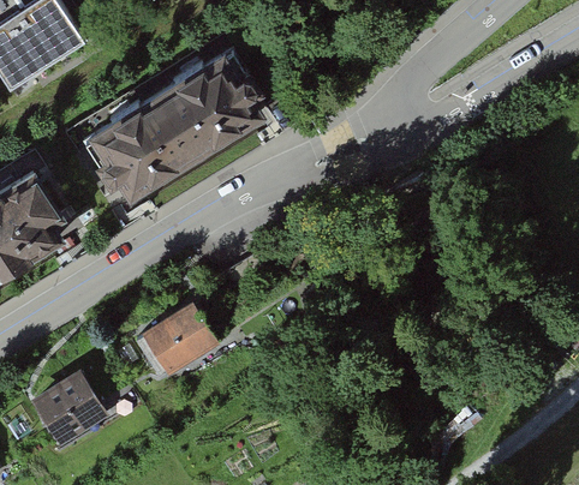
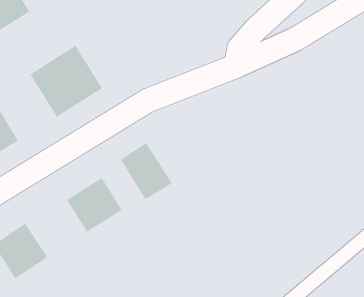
building: [154,58,262,164] -> none
building: none -> [120,142,172,200]

